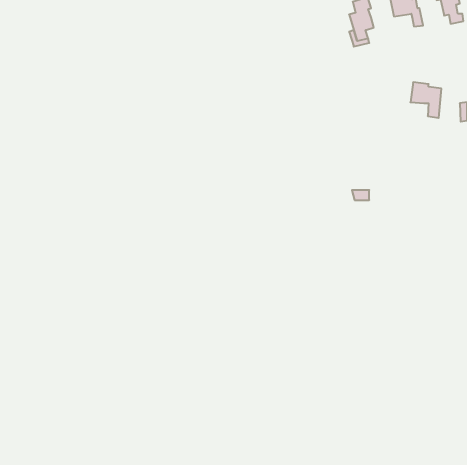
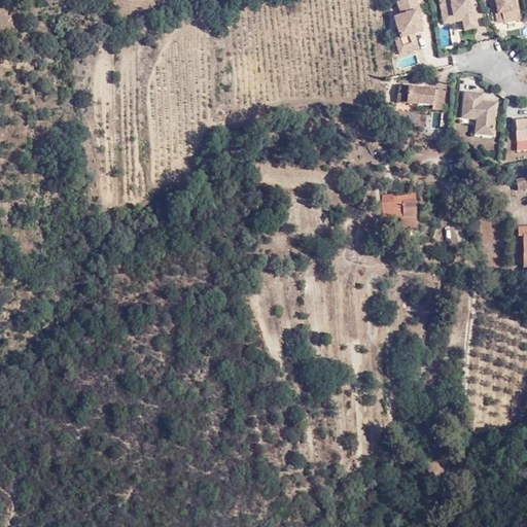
building: none -> [396,85,443,108]
building: none -> [391,191,416,214]

